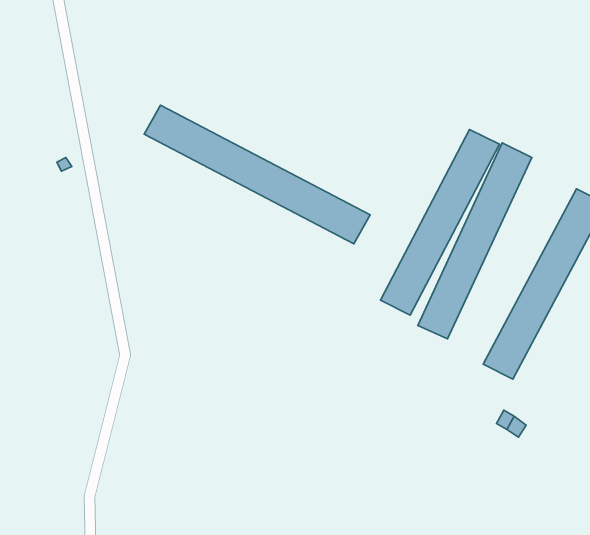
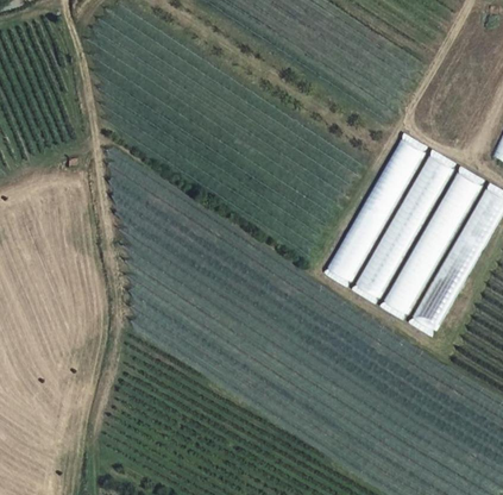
building: [144,105,370,244] -> none
building: none -> [386,163,480,320]

